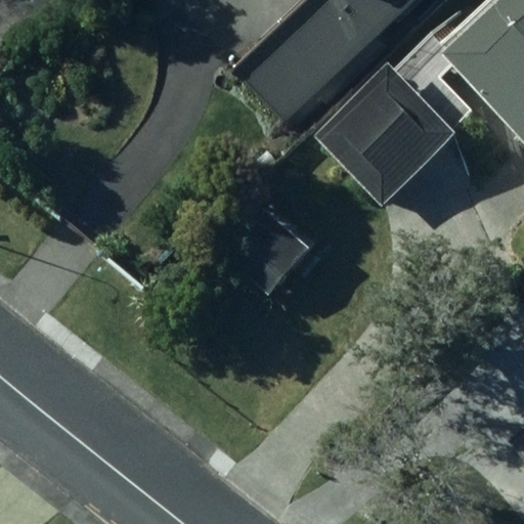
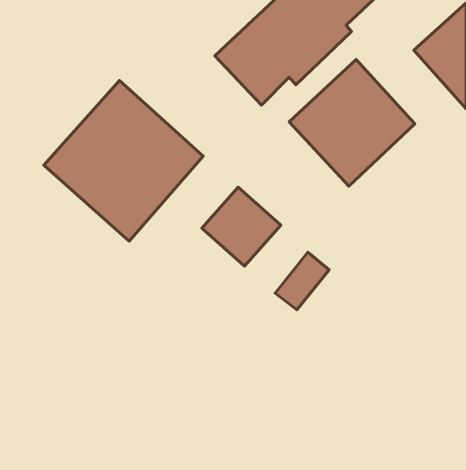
building: none -> [44,80,203,241]

